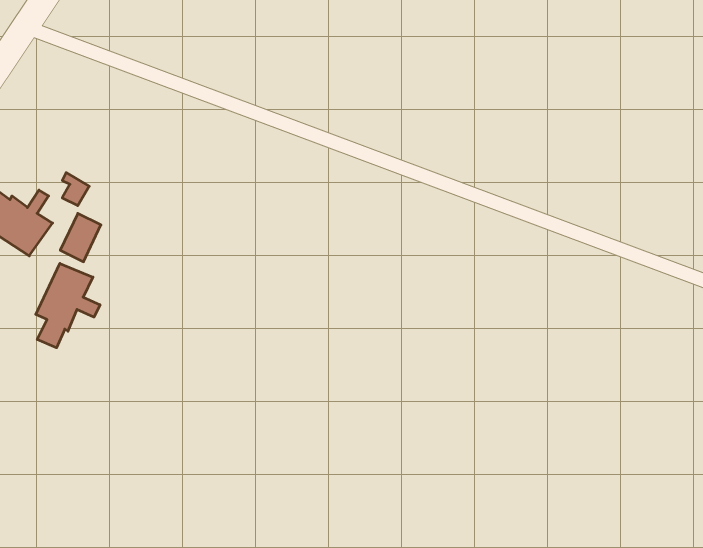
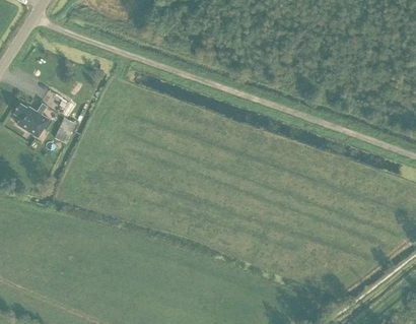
building: [36,263,100,348] -> none

